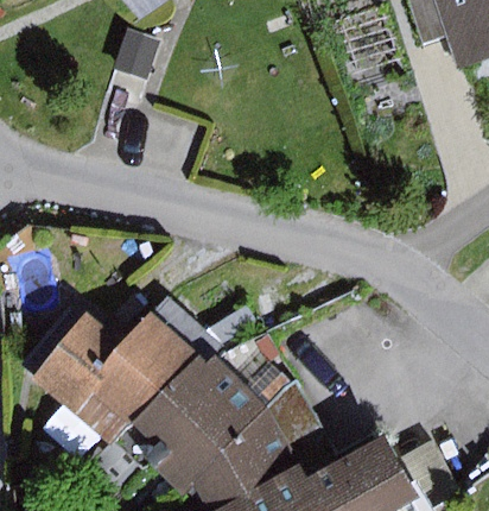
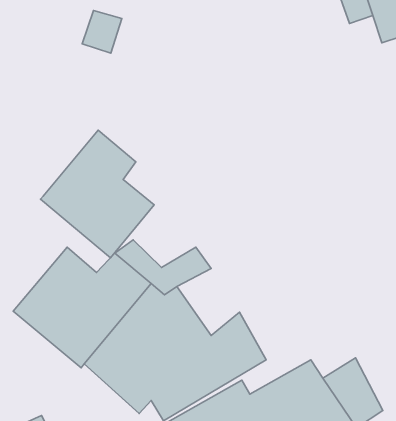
building: none -> [40,130,154,258]

